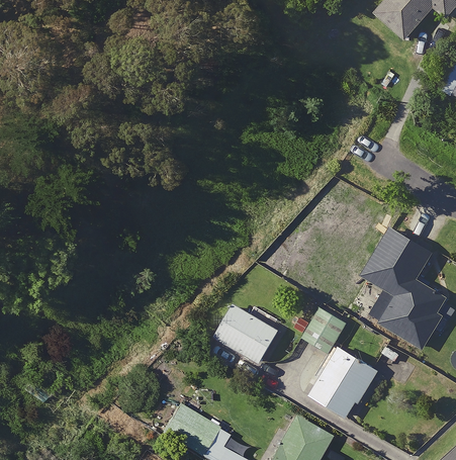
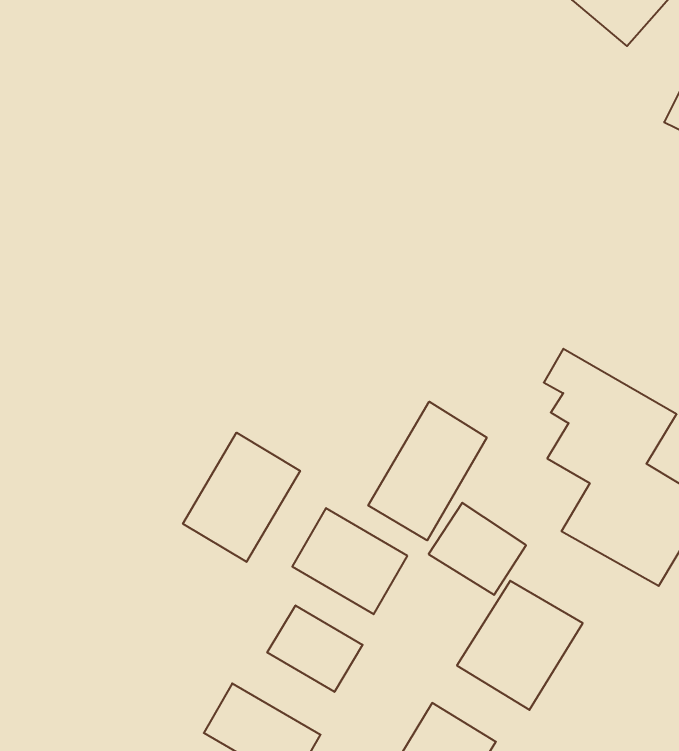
building: none -> [368,402,487,540]
building: none -> [183,433,300,562]
building: none -> [267,605,363,692]

